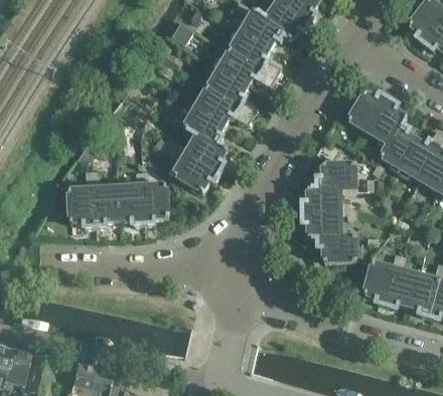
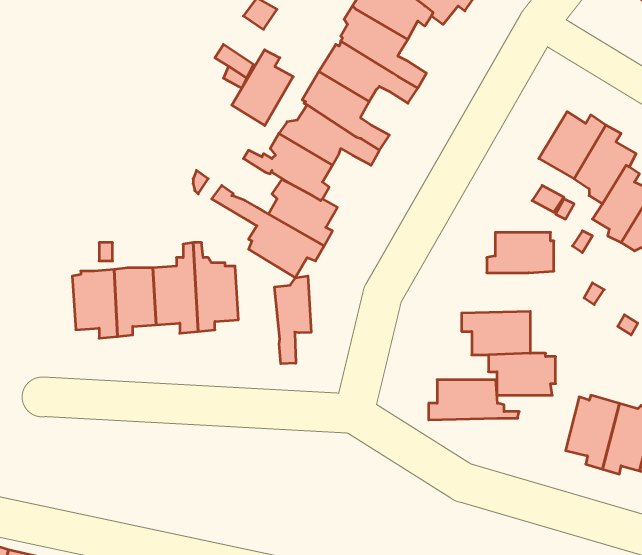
building: none -> [232,50,293,126]
building: [301,188,355,212] -> [429,380,519,420]
building: none -> [275,276,311,364]

